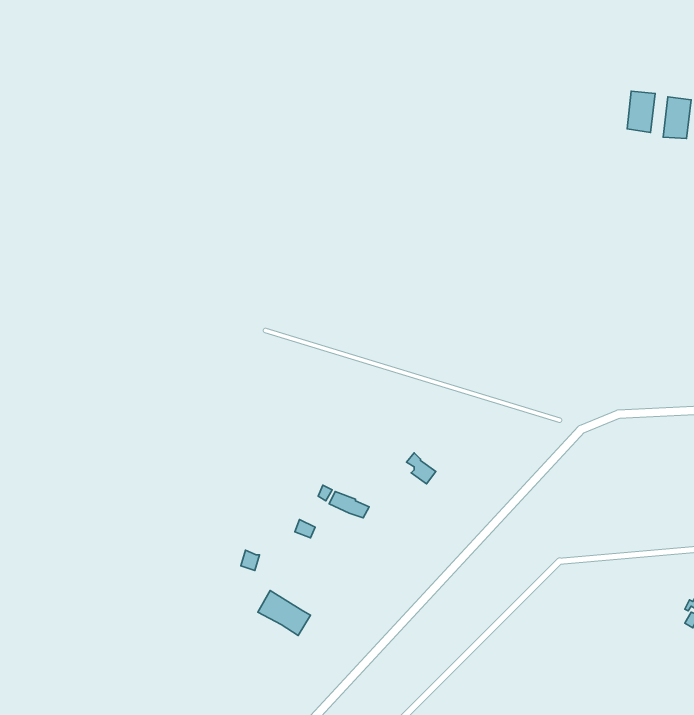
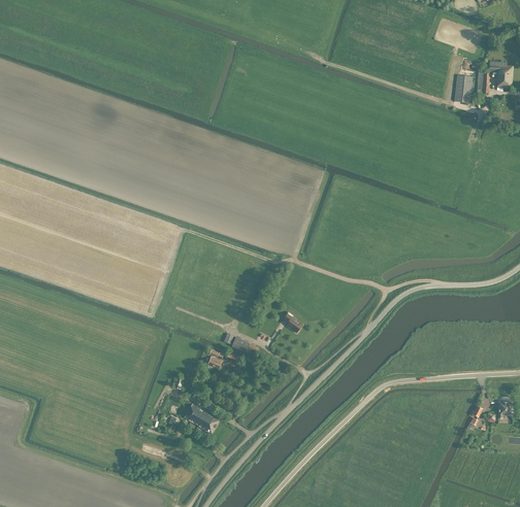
building: [627,91,655,133] -> none

